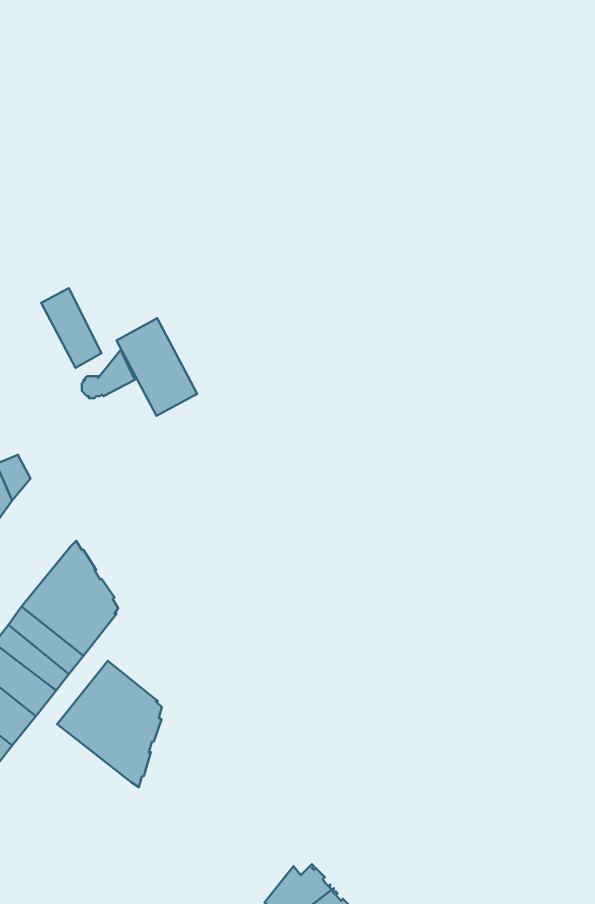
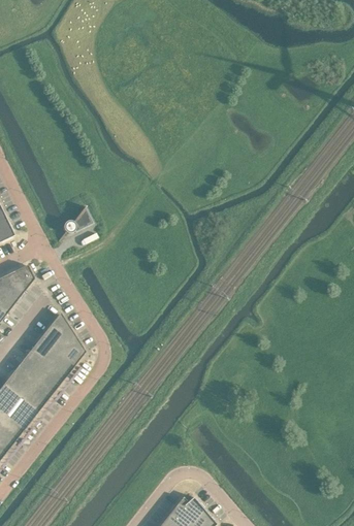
building: [41,288,102,368] -> none
building: [117,318,197,416] -> none
building: [57,661,162,787] -> none

